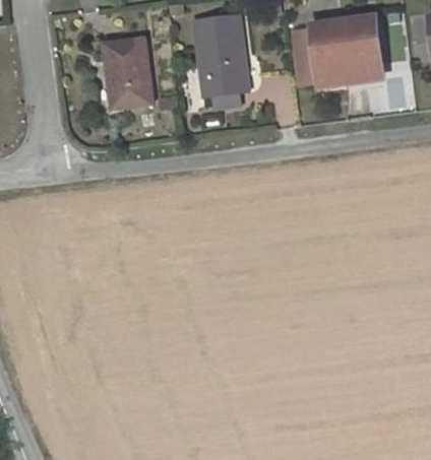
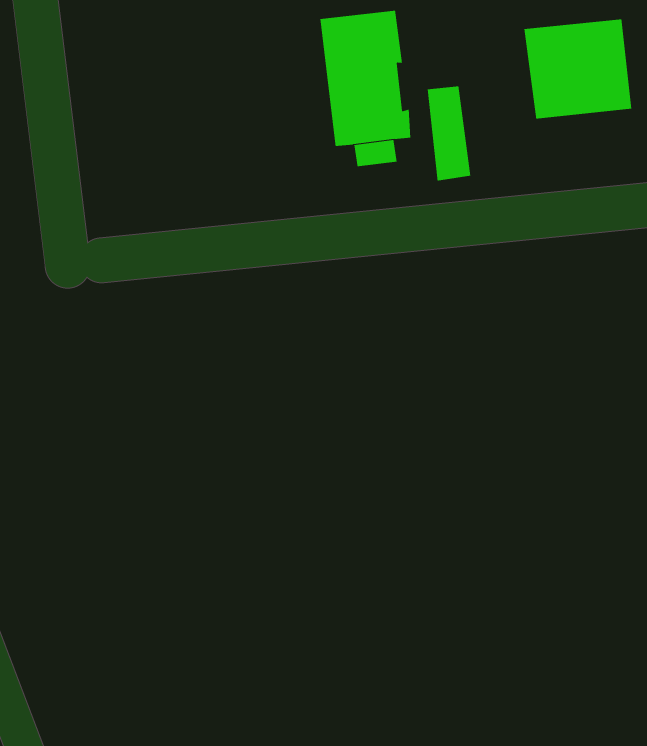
building: [297,26,323,83] -> [427,86,471,181]
building: [105,39,152,108] -> none

